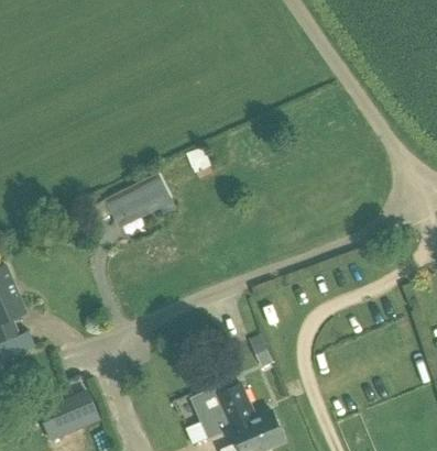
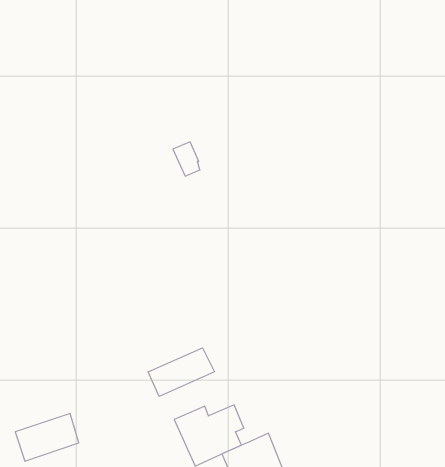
building: [103,174,172,219] -> none
building: none -> [148,348,214,396]

